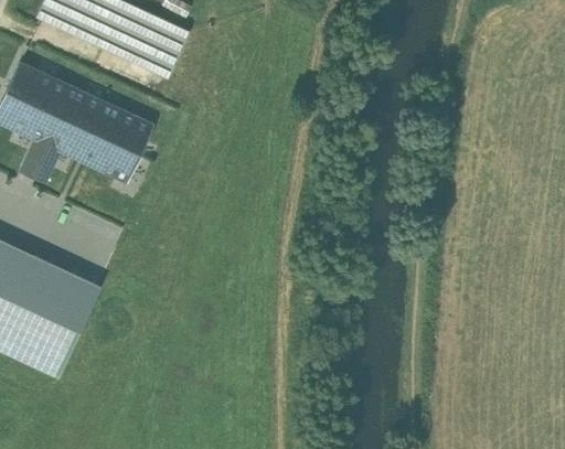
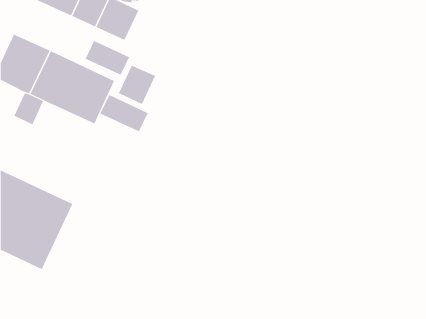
building: none -> [85,40,130,75]
building: none -> [118,65,156,105]
building: none -> [100,94,149,132]

